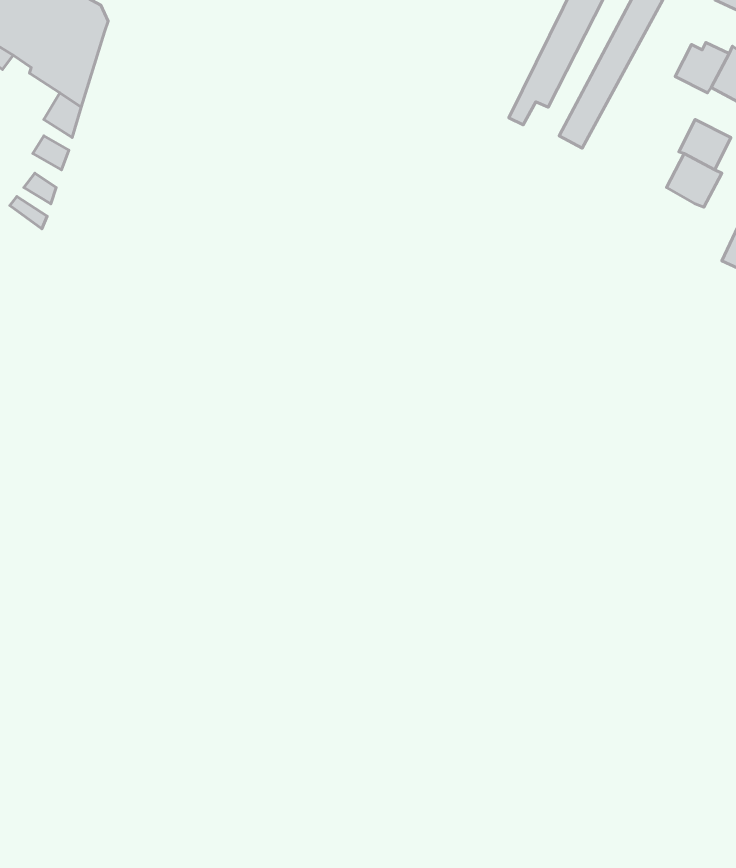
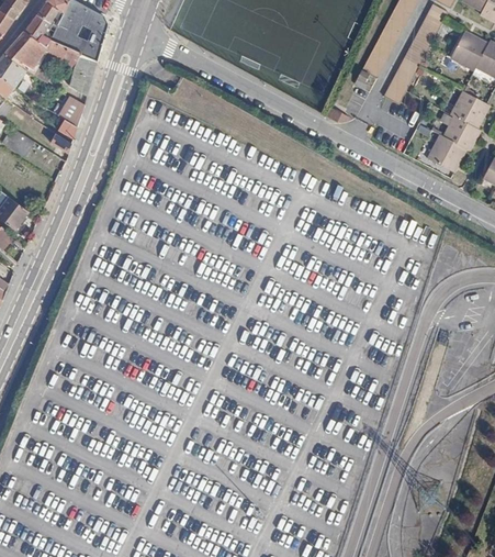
building: none -> [435,126,466,158]

